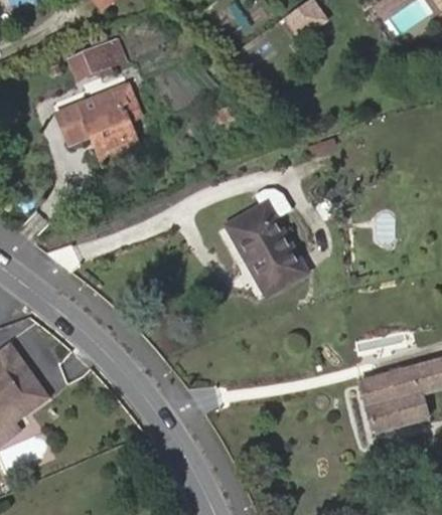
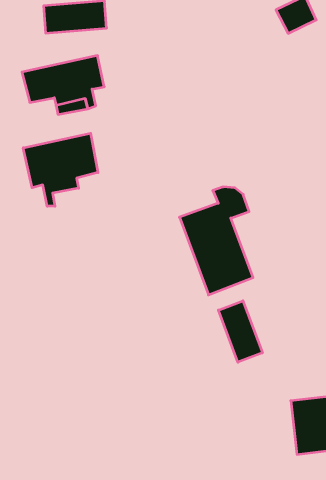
building: none -> [23,133,98,206]
building: none -> [218,301,262,362]

